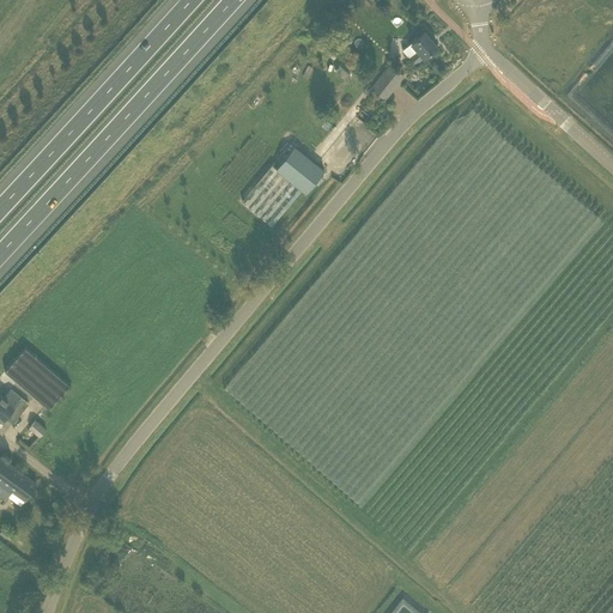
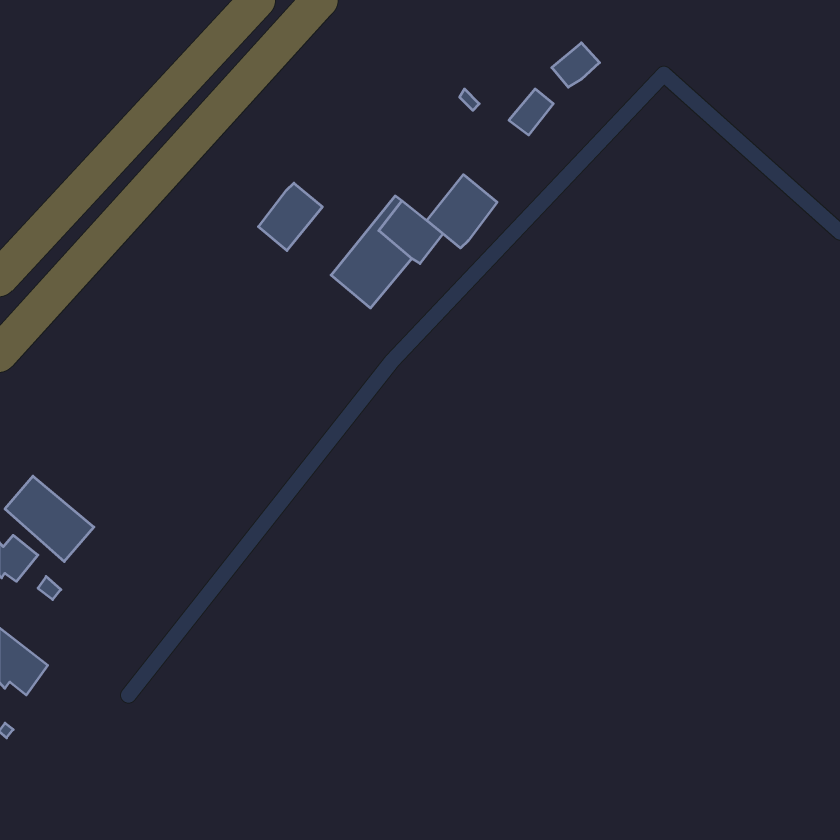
building: none -> [427,175,497,248]
building: none -> [258,183,322,251]

